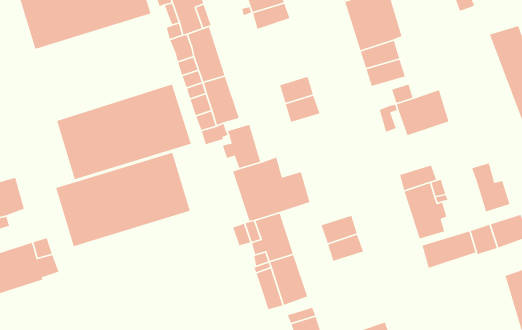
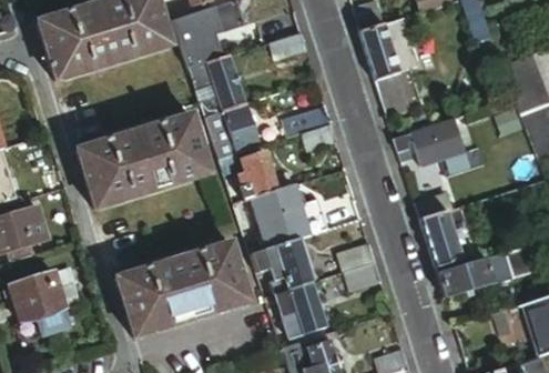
building: [55,152,191,247] -> [115,241,250,335]
building: [471,163,510,213] -> none

